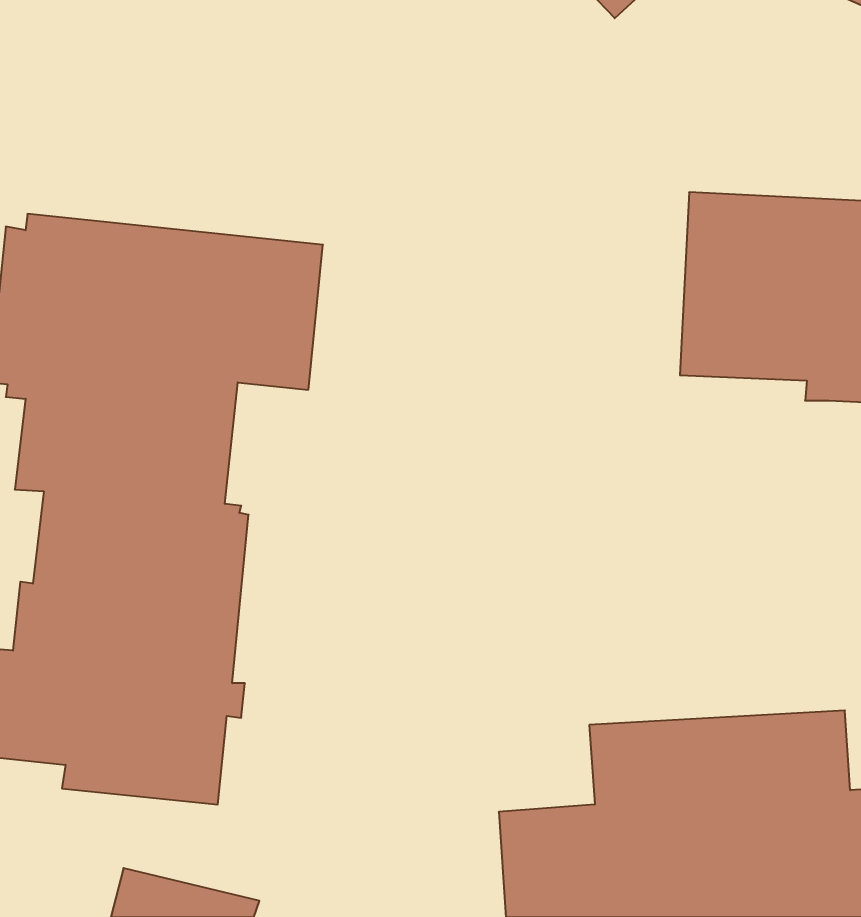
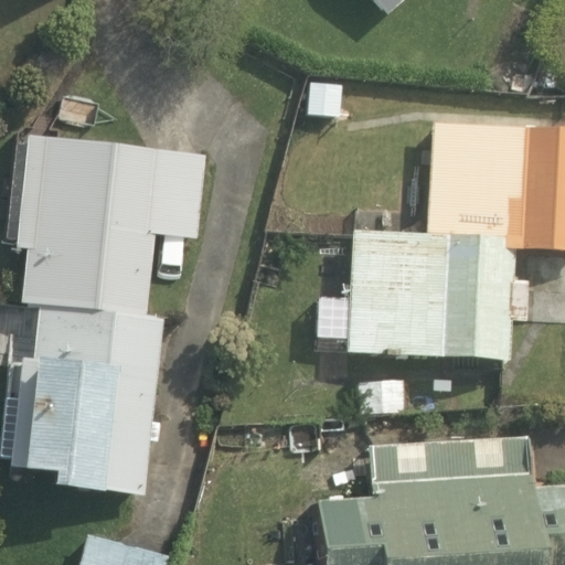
building: none -> [345,231,526,360]

